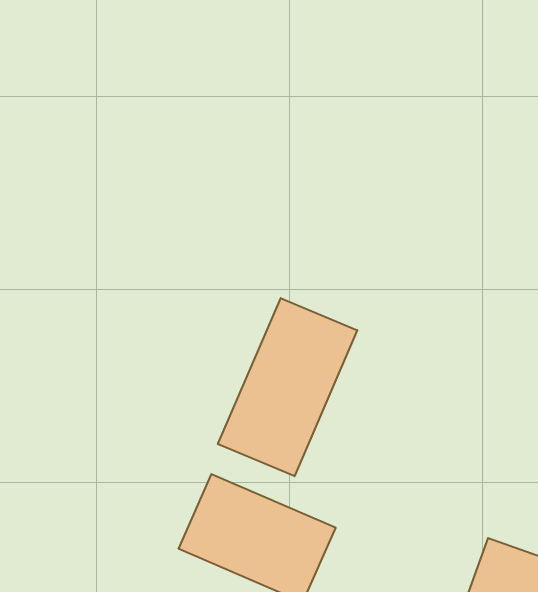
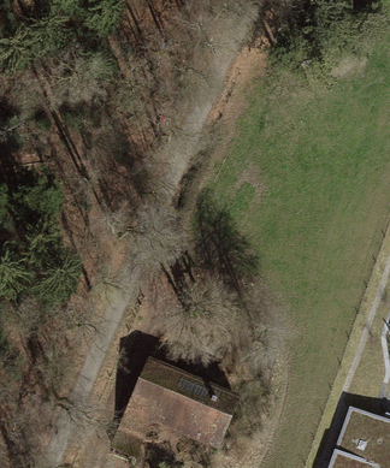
building: [218,298,357,476] -> none

